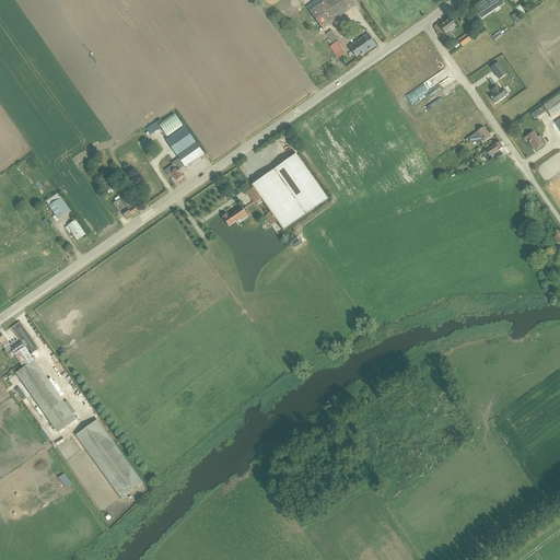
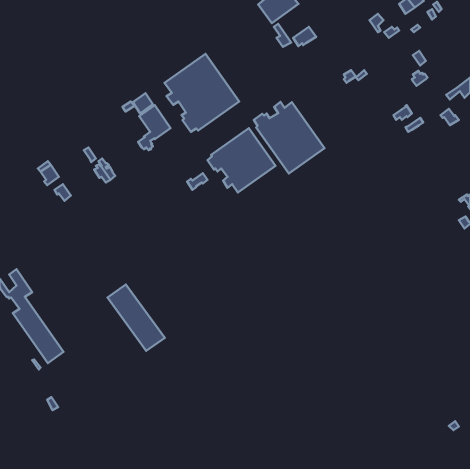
building: none -> [164,54,239,132]
building: none -> [254,102,325,173]
building: [74,418,142,497] -> [108,284,165,351]

